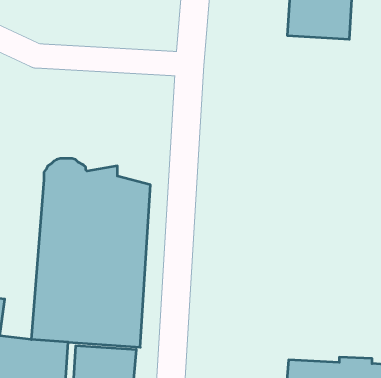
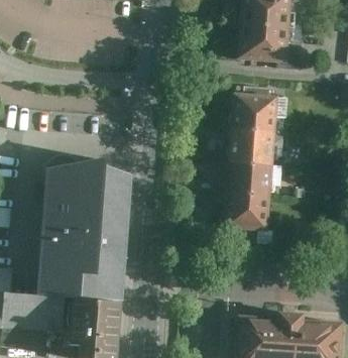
building: none -> [227,103,272,233]

